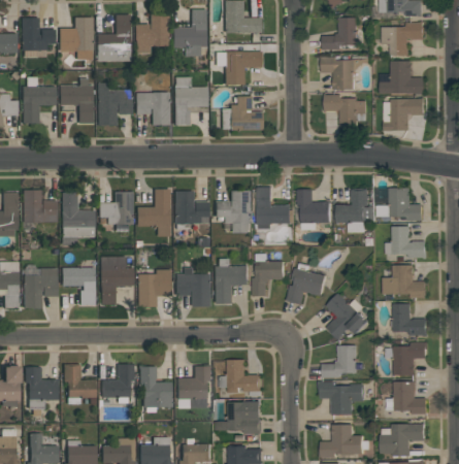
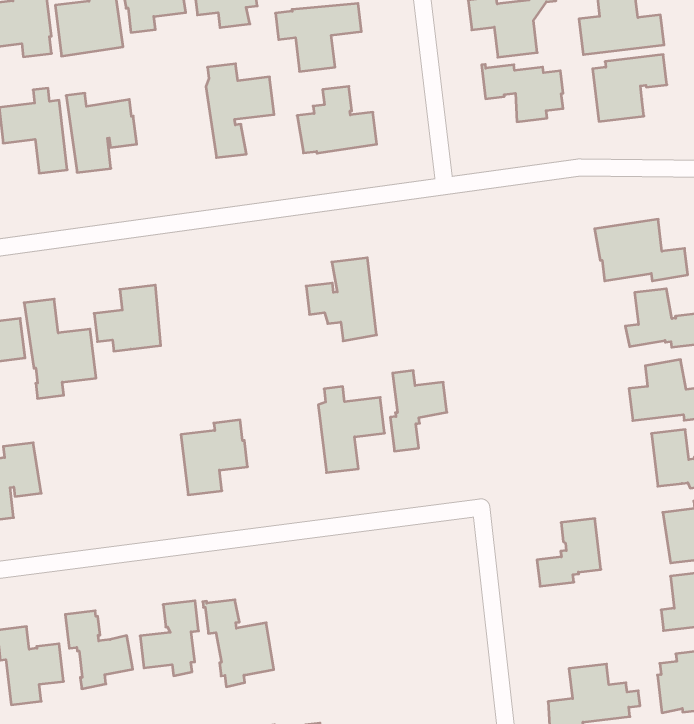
building: [135,91,170,125] -> none
building: [257,188,290,229] -> none
building: [136,189,170,236] -> none
building: [335,189,373,233] -> none
building: [296,190,330,230] -> none
building: [174,191,208,228] -> none
building: [100,256,134,303] -> none
building: [62,267,96,304] -> none
building: [175,267,209,305] -> none
building: [286,268,326,305] -> none
building: [326,294,367,340] -> none
building: [217,359,261,396] -> none
building: [177,364,210,407] -> none
building: [320,383,365,415] -> none
building: [215,402,261,434] -> none

